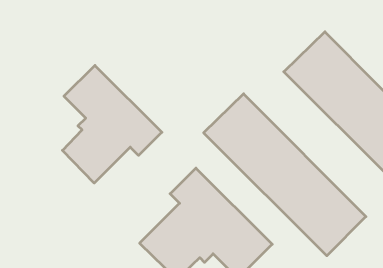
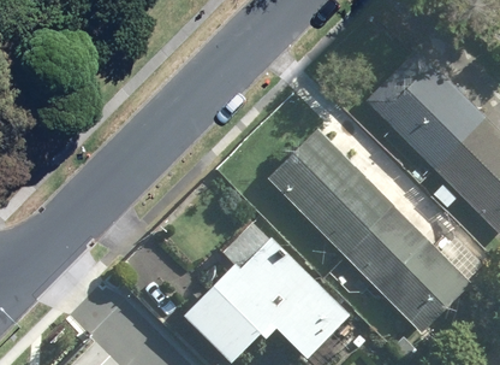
building: [62,65,162,183] -> none

